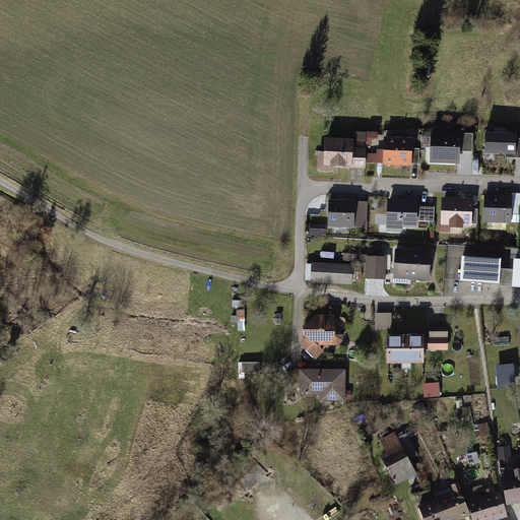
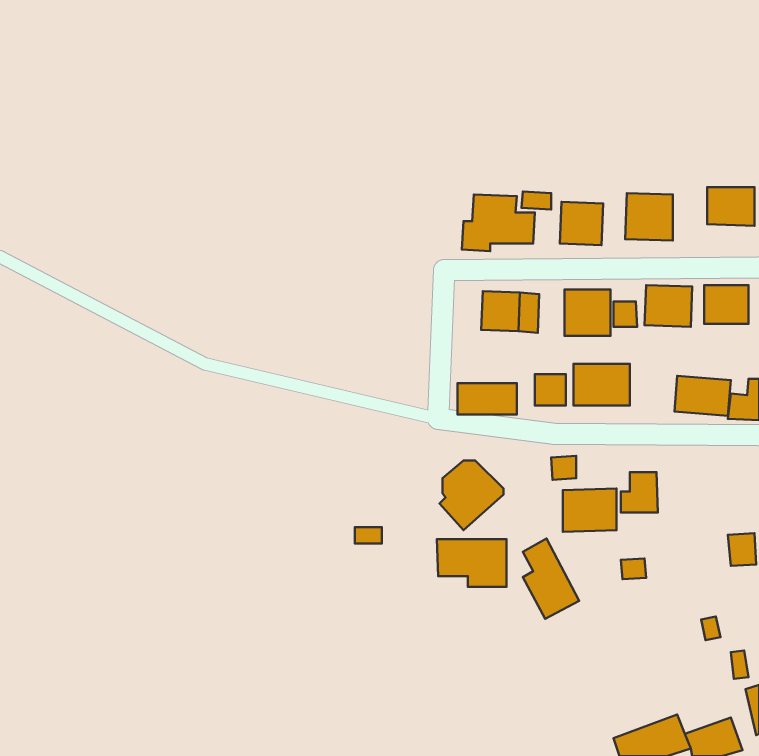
building: [380,431,418,485] -> [523,539,579,619]

